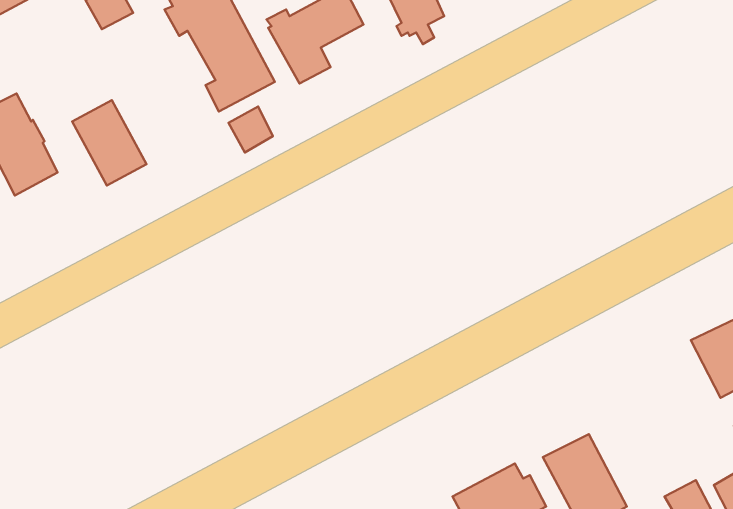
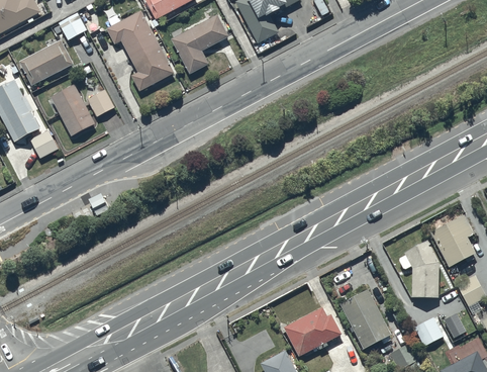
building: none -> [19,40,73,86]
building: [228,106,273,152] -> [87,89,114,117]
building: none -> [30,129,59,159]
building: none -> [398,240,440,297]

